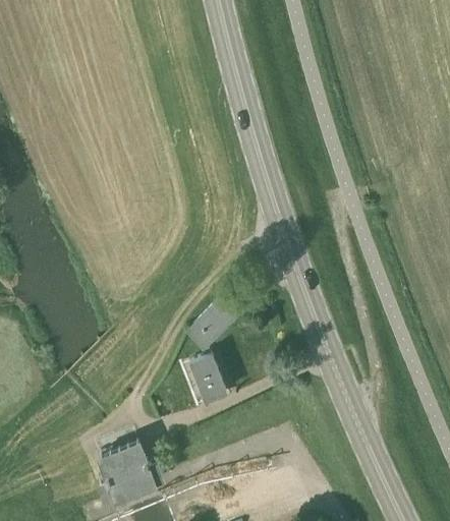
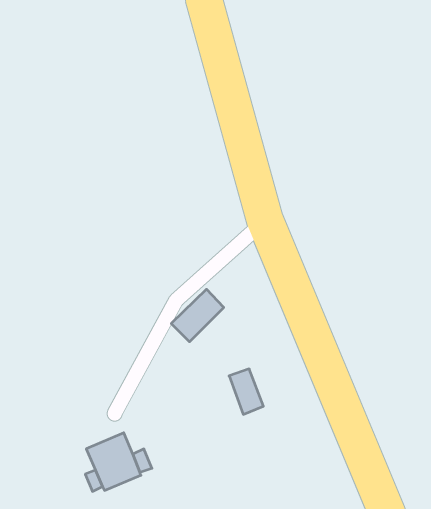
building: [190,355,225,401] -> [229,369,263,414]

